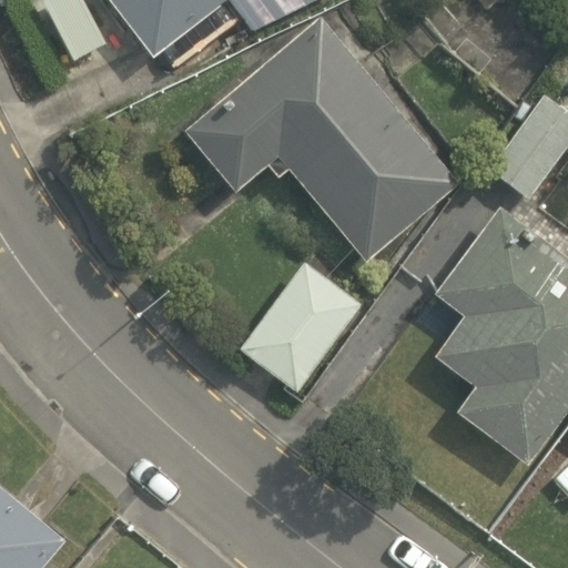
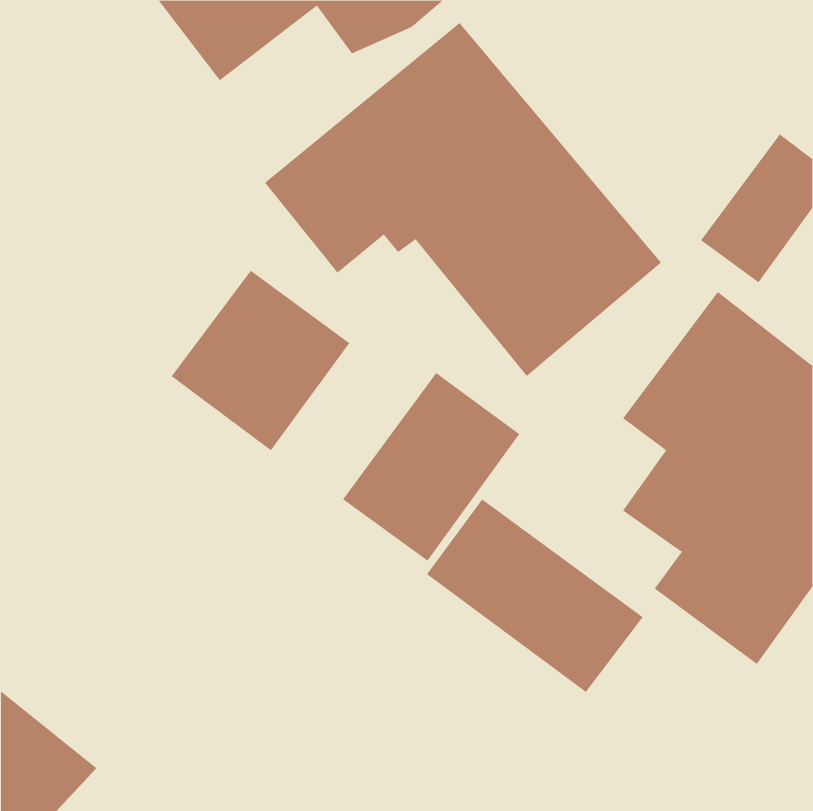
building: none -> [171,270,350,451]
building: none -> [426,498,643,693]

